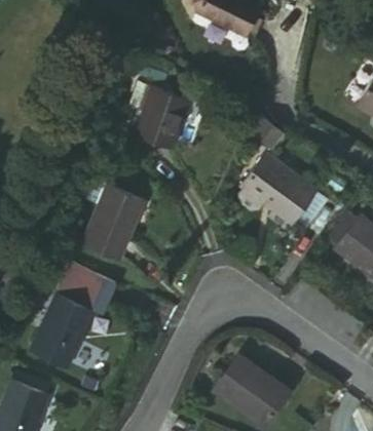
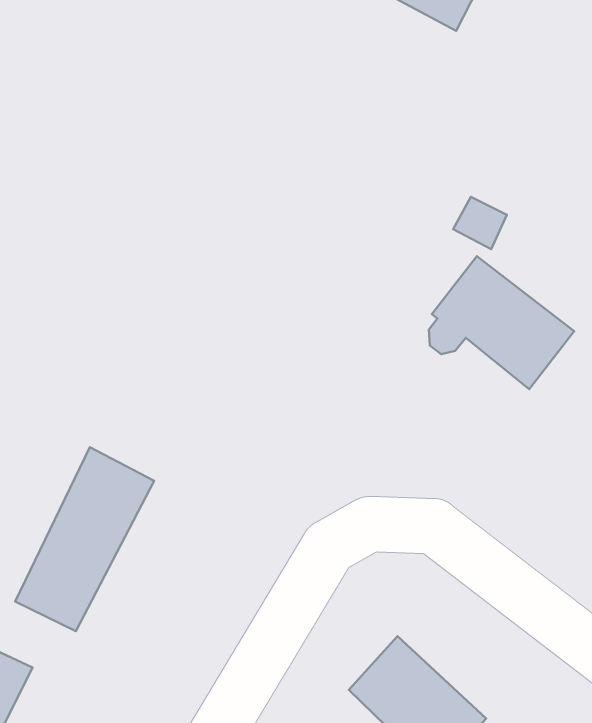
building: [138,82,195,148] -> none
building: [83,189,141,260] -> none

